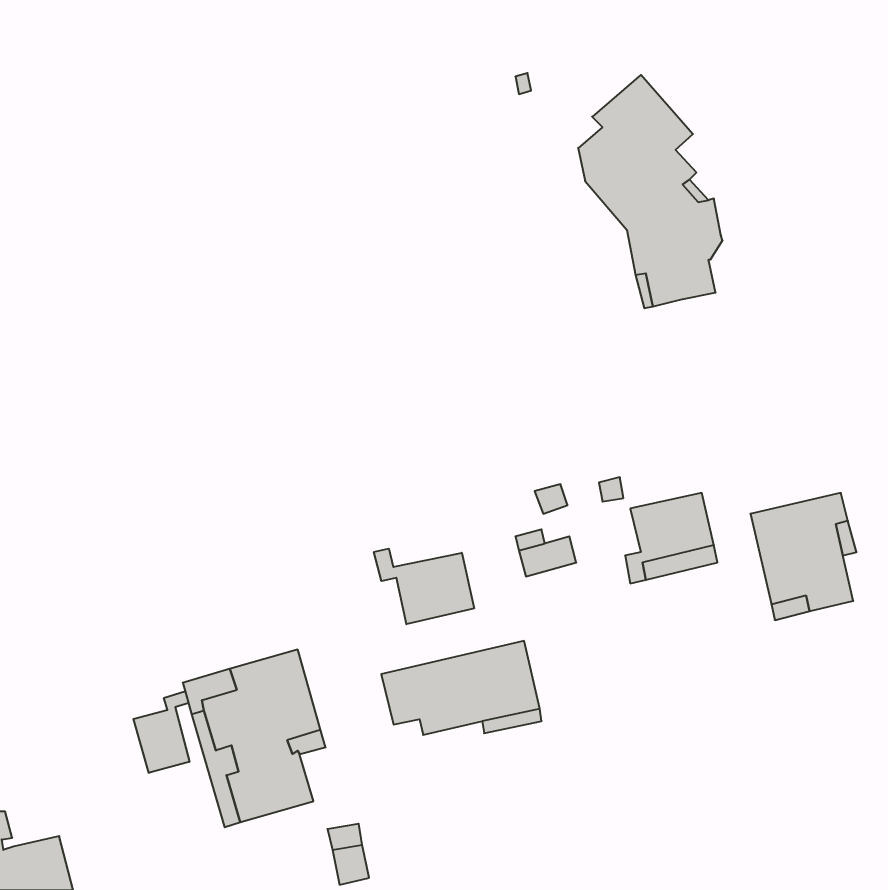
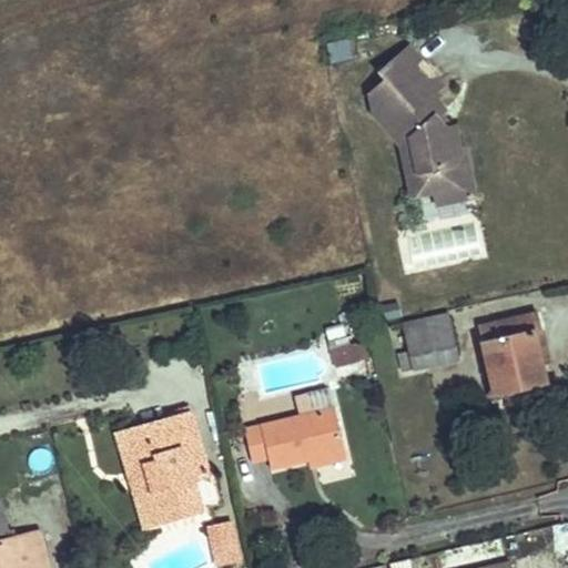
building: none -> [434,150,473,205]
building: [374,549,474,624] -> none
building: [133,691,189,773] -> none

